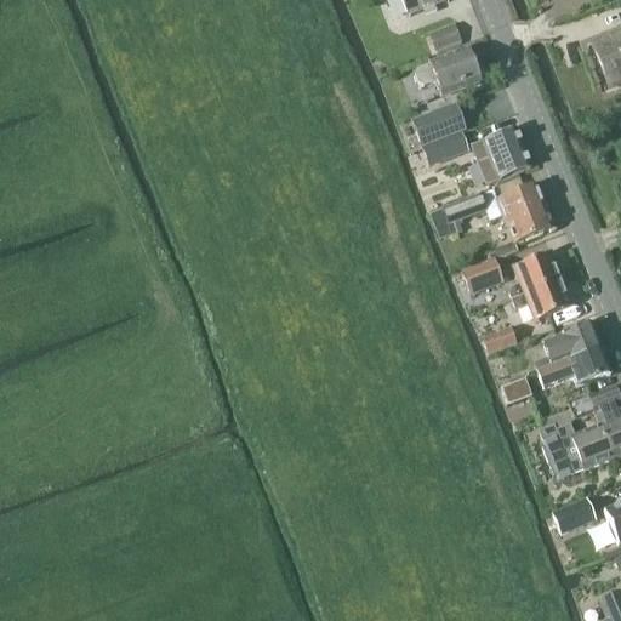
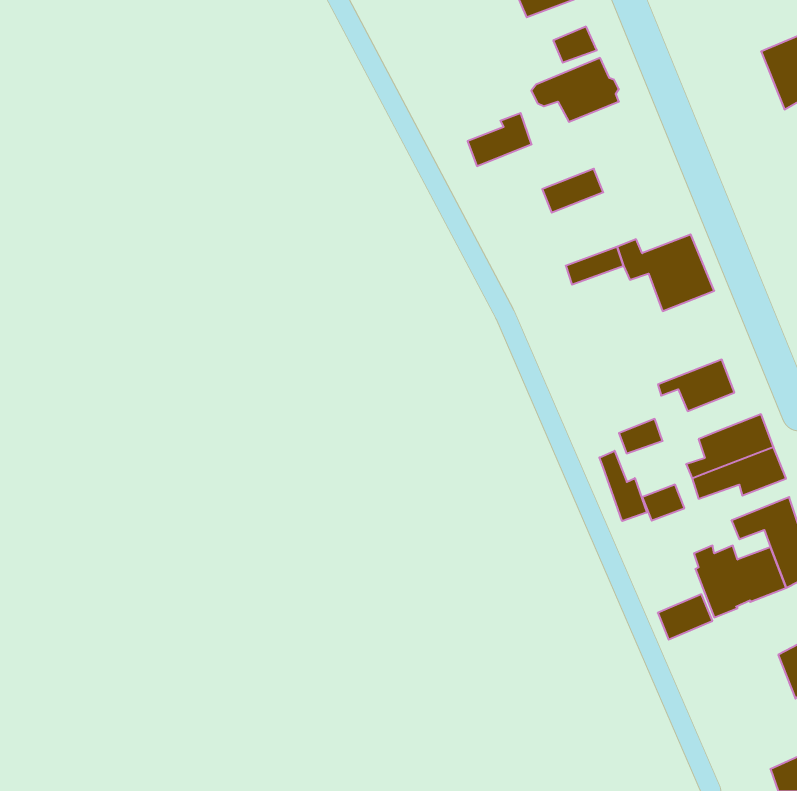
building: [415,102,465,143] -> [468,113,532,166]
building: [471,129,530,181] -> none
building: [508,251,562,298] -> none
building: [462,257,502,292] -> none
building: none -> [599,451,647,521]
building: [553,497,596,532] -> [658,594,712,640]

